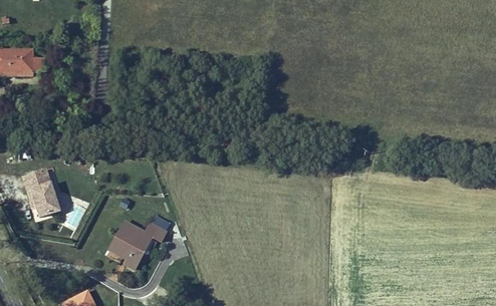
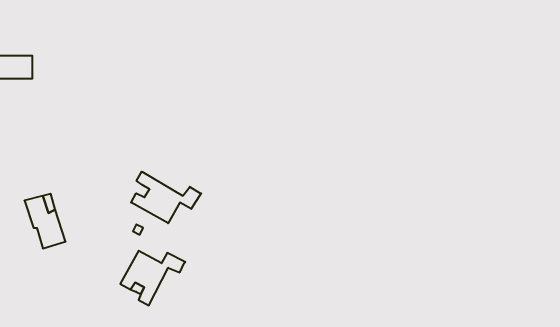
building: none -> [131,172,201,223]

